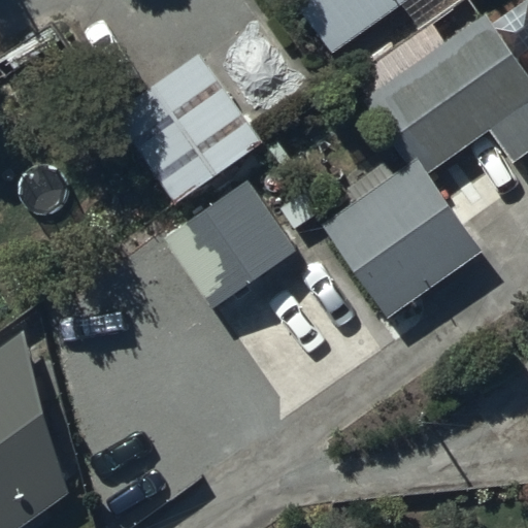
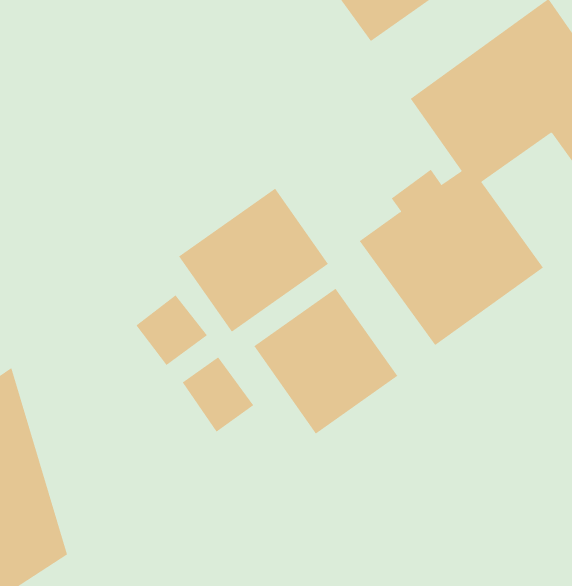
building: [112,51,262,204] -> none
building: none -> [253,288,398,434]

